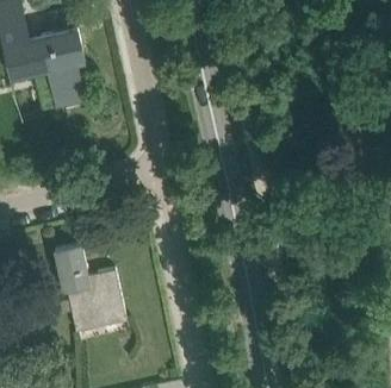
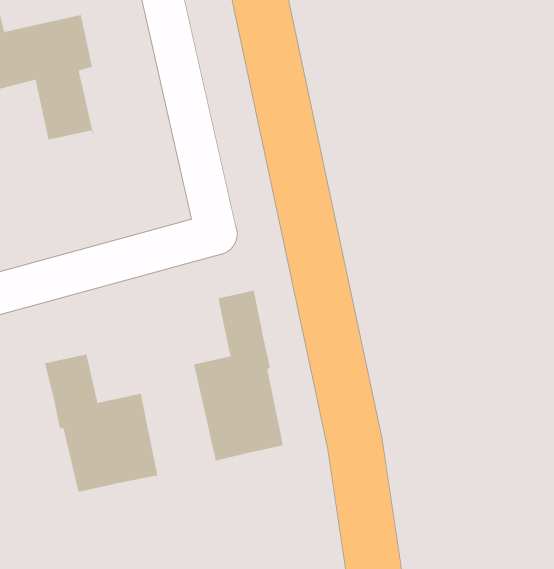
building: none -> [193,290,283,462]

